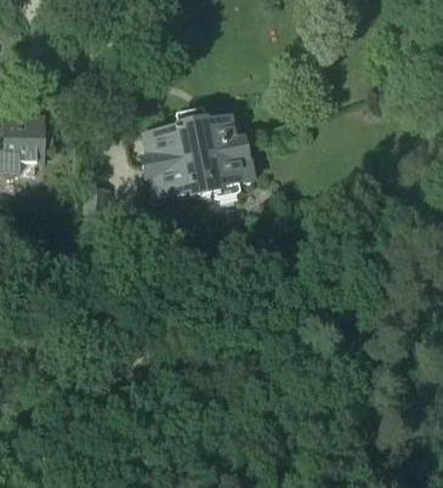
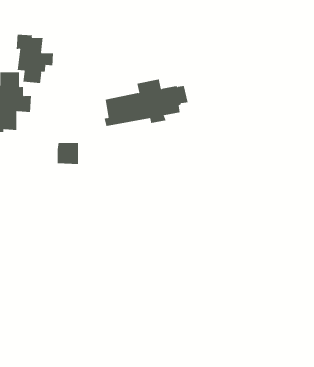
building: none -> [16,34,53,84]
building: [143,137,252,199] -> none

